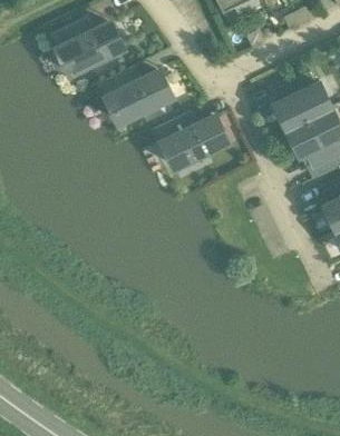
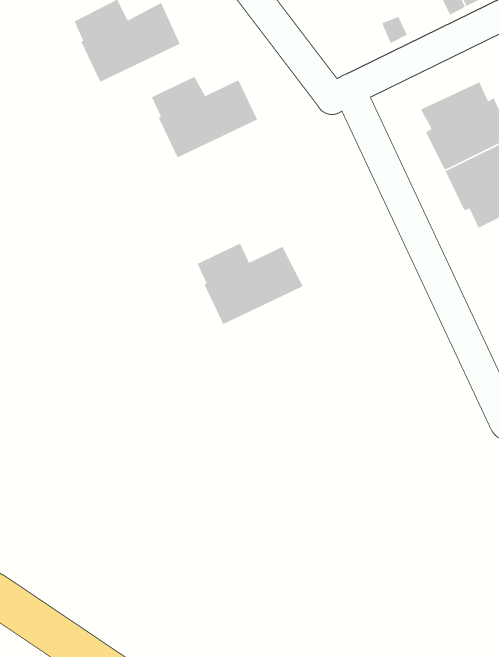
building: [157,113,225,166] -> [197,242,304,325]

